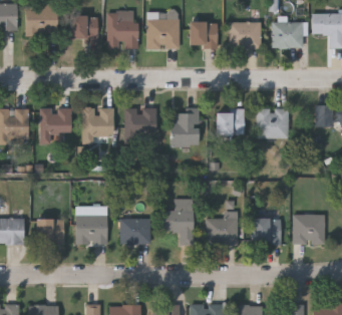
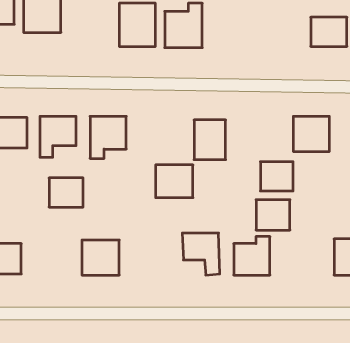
building: [69,15,97,40] -> none
building: [189,22,217,46] -> none
building: [229,23,260,48] -> none
building: [124,108,156,136] -> [156,165,193,198]
building: [216,110,244,135] -> [260,162,293,191]
building: [252,218,281,244] -> [256,200,290,230]
building: [35,219,64,244] -> [49,178,83,207]
building: [119,219,149,244] -> none

